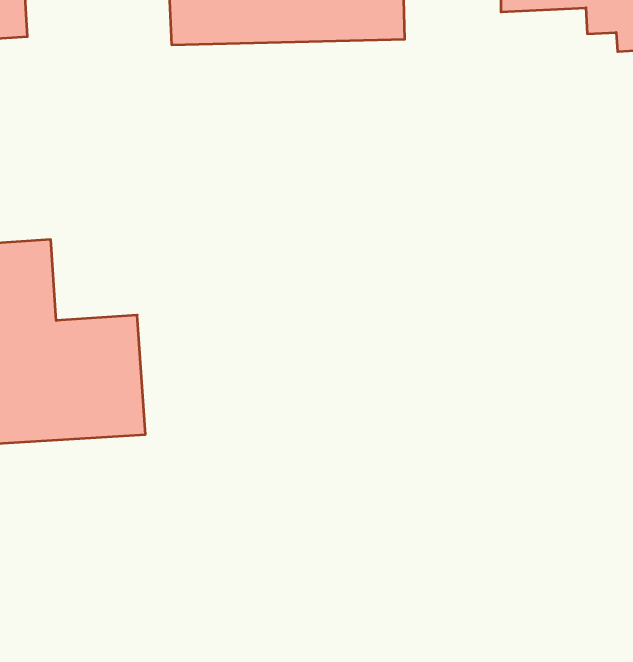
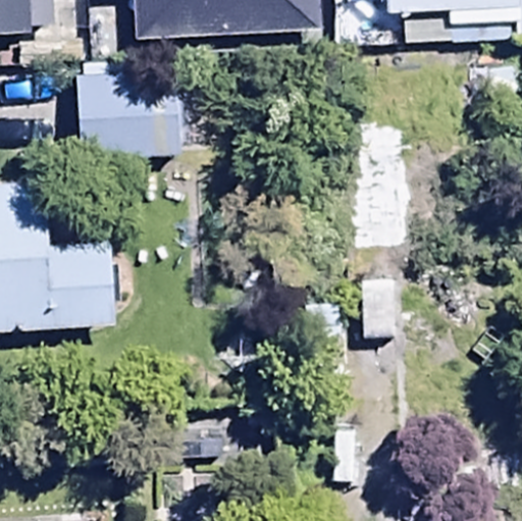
building: none -> [76,61,180,159]

